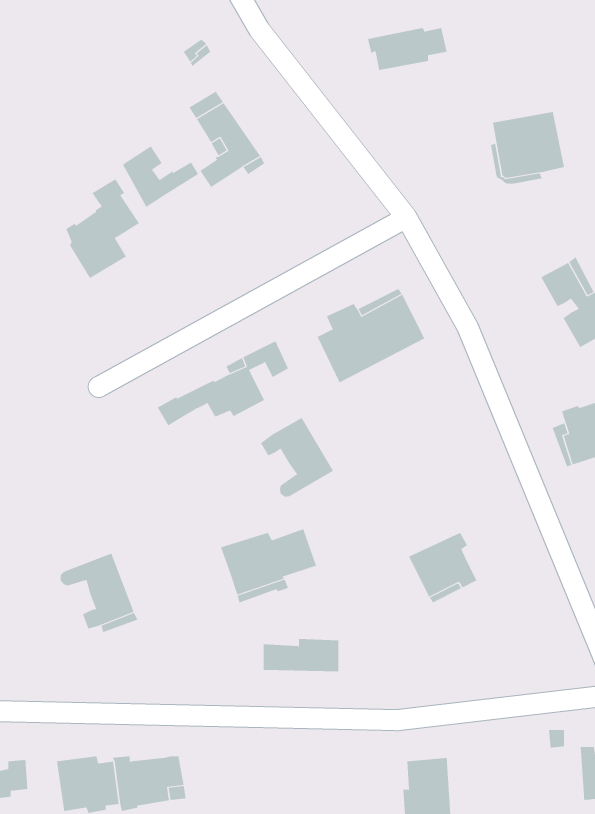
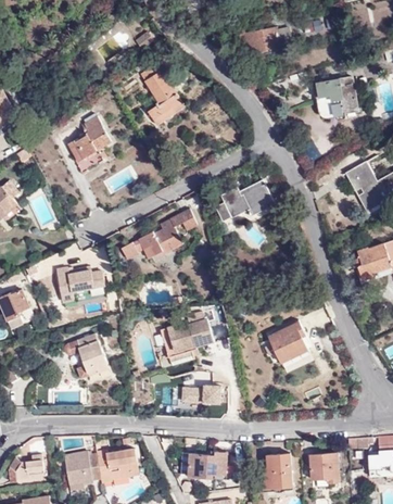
building: [122,146,199,208] -> none
building: [260,417,334,498] -> none
building: none -> [55,268,103,302]
building: none -> [188,452,228,479]
building: none -> [309,452,341,480]

